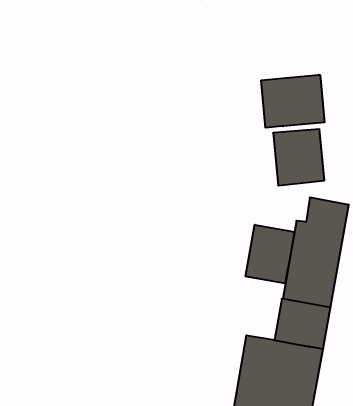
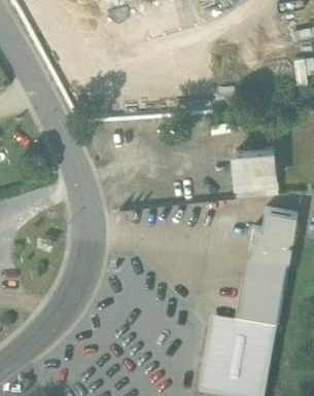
building: [261,75,324,128] -> none
building: [246,225,294,283] -> none

